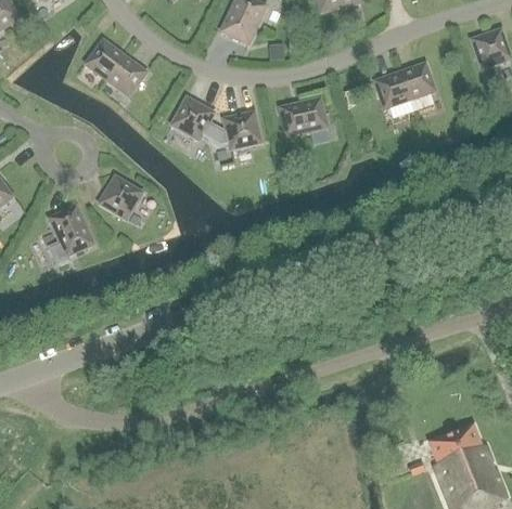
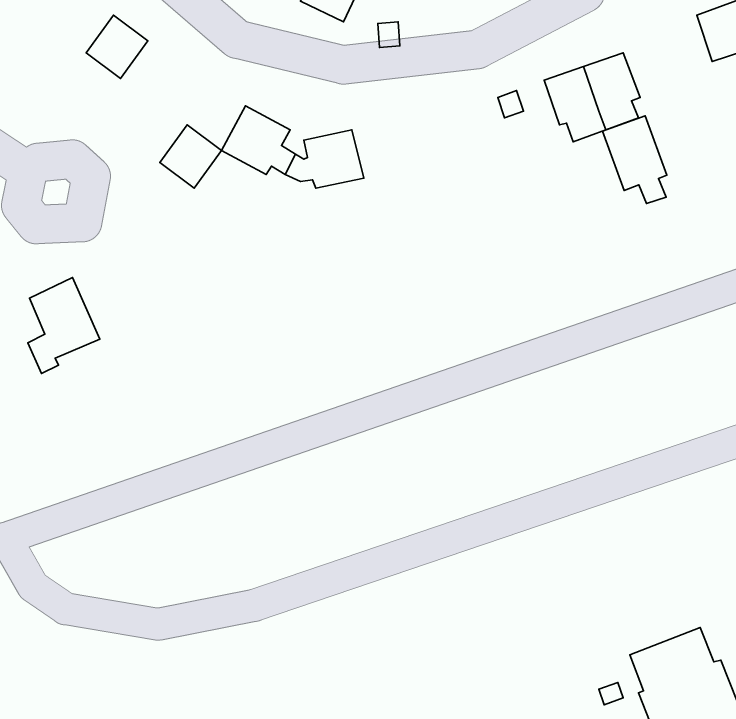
building: [106,54,145,94] -> [160,125,222,188]
building: [279,96,327,135] -> none
building: none -> [602,116,667,203]
building: [99,174,142,218] -> none

